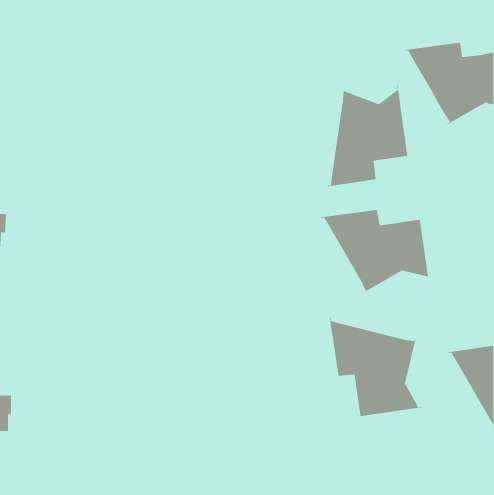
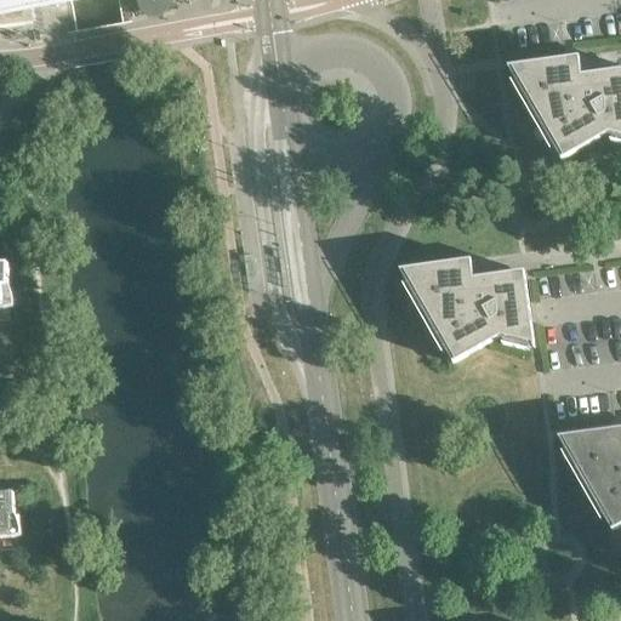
building: [328,85,408,187] -> none
building: [329,317,423,417] -> none

